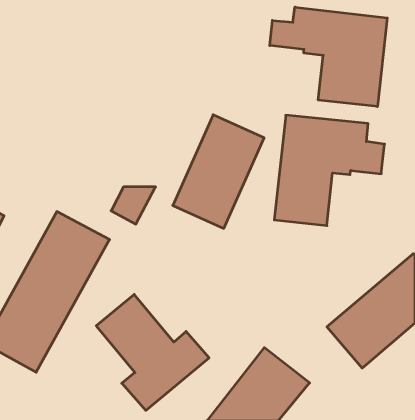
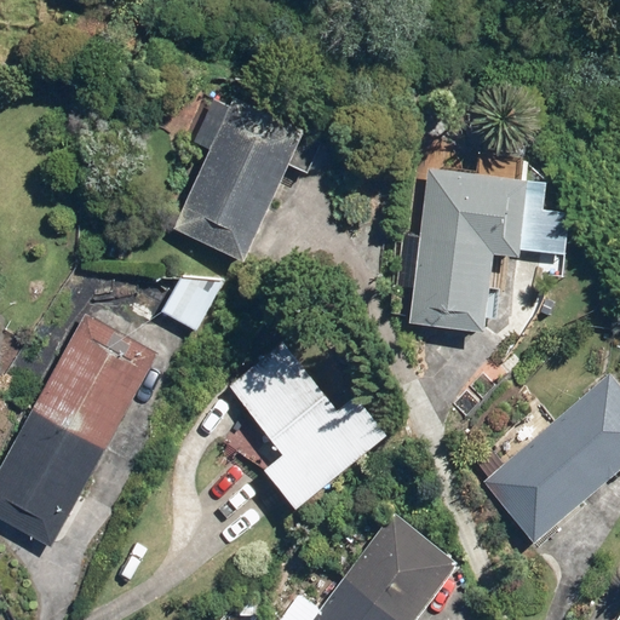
building: [270,7,387,107] -> none
building: [173,115,264,228] -> [178,93,312,260]
building: [96,294,209,410] -> [229,338,395,509]

